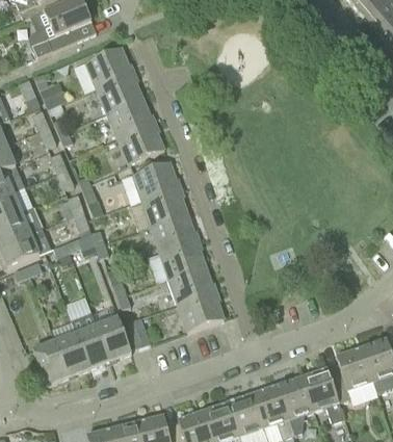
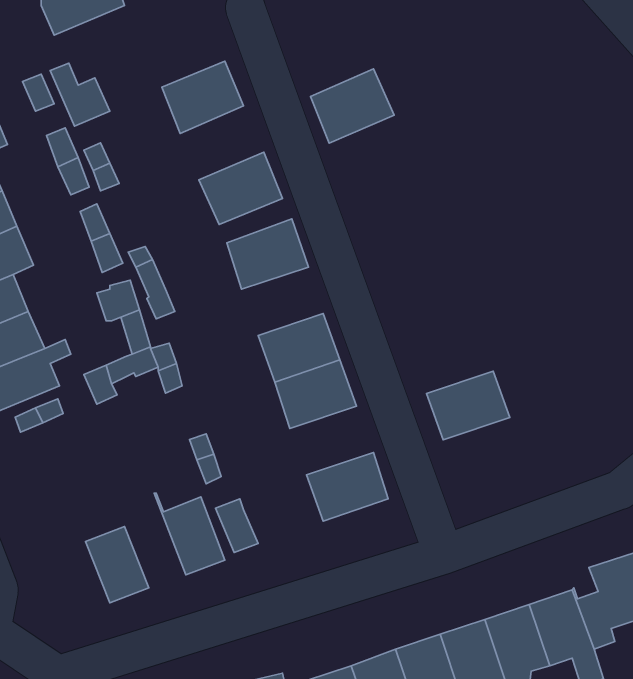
building: [84,46,131,86] -> none
building: [106,97,153,138] -> [311,69,394,143]
building: [140,187,186,226] -> none
building: [167,265,214,304] -> [426,371,510,440]
building: [70,312,109,367] -> none
building: [32,341,67,384] -> none

